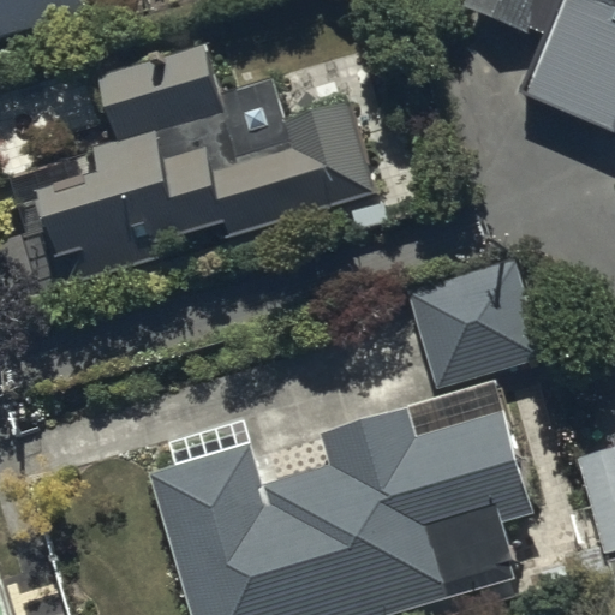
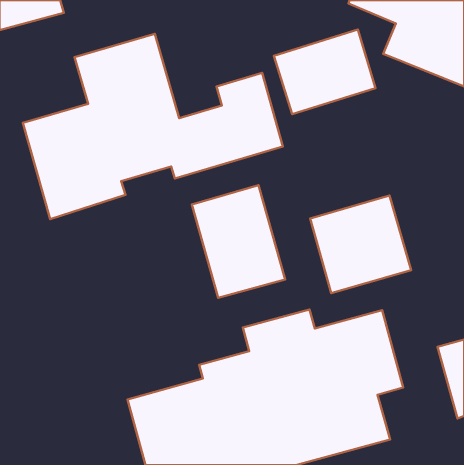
building: none -> [274,30,376,114]
building: none -> [192,185,285,298]

